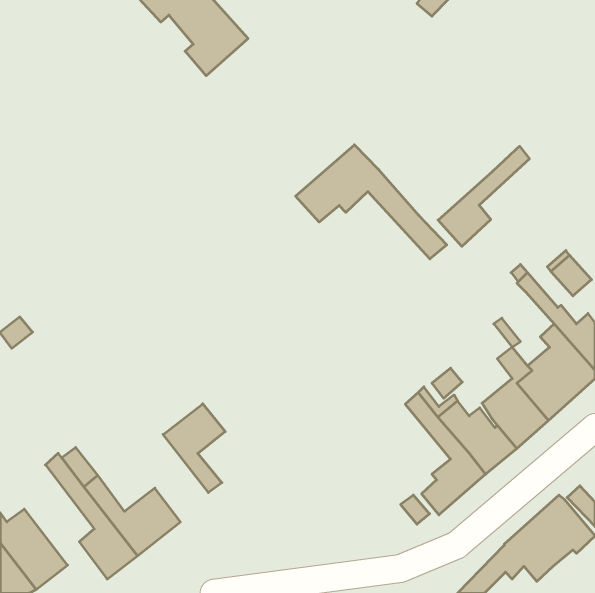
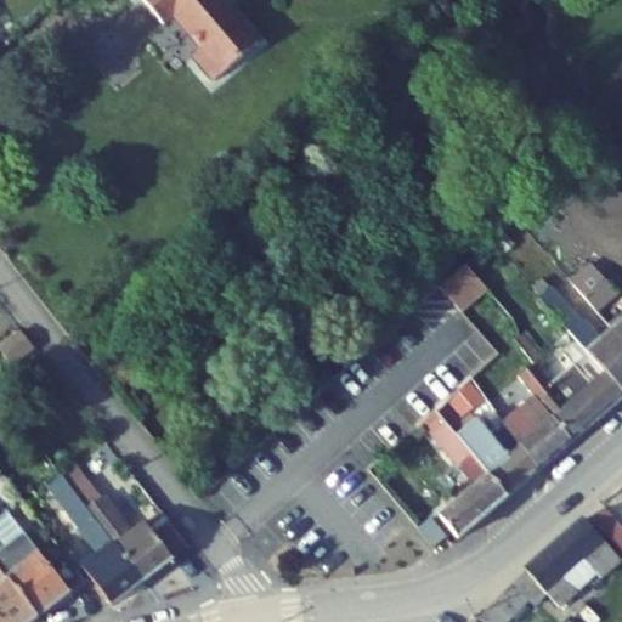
building: [296,145,447,259] -> none
building: [438,146,529,246] -> none
building: none -> [437,261,486,310]
building: [163,404,225,493] -> none

